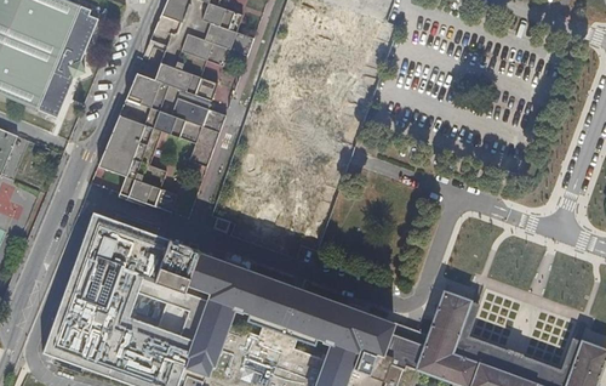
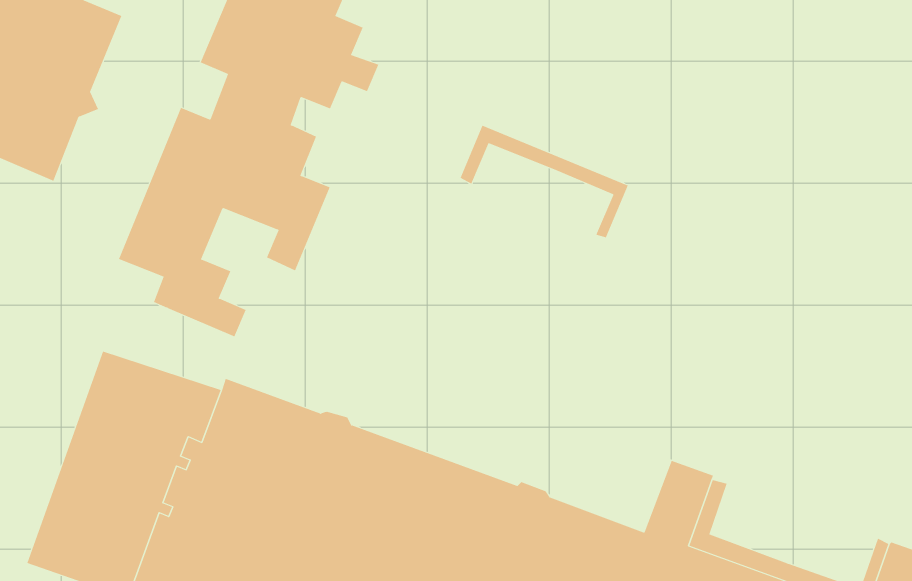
building: none -> [460,125,628,238]

